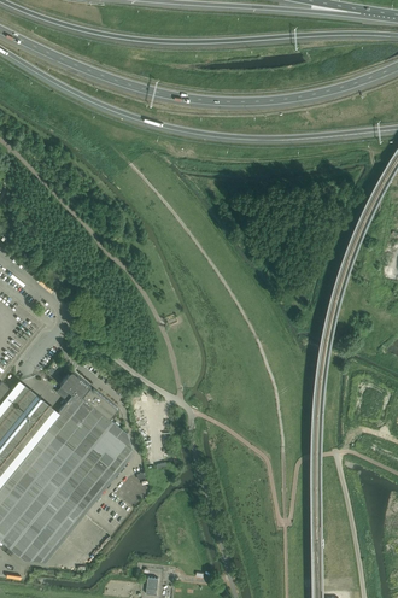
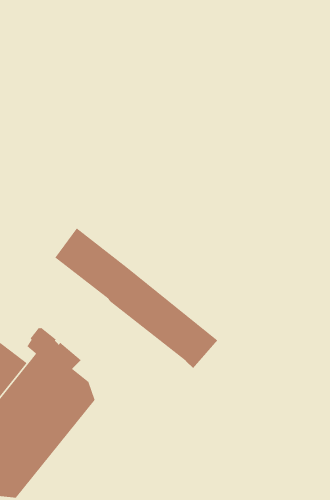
building: none -> [54,227,218,369]

